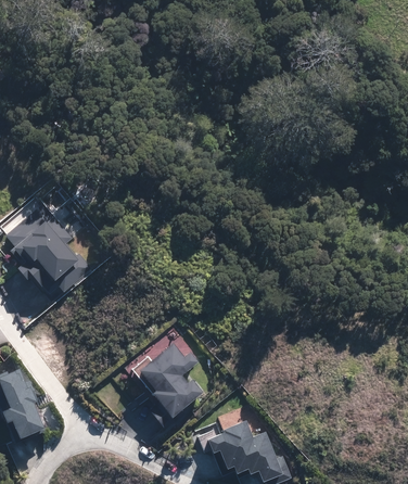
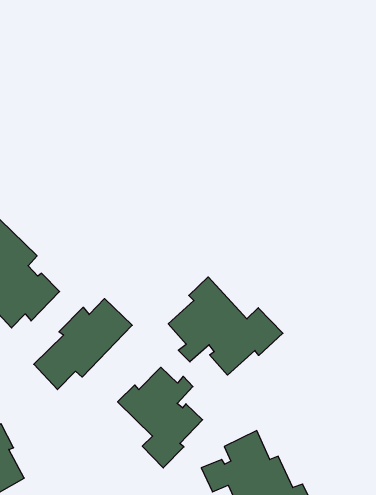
building: none -> [168,277,283,375]
building: none -> [34,299,132,390]

